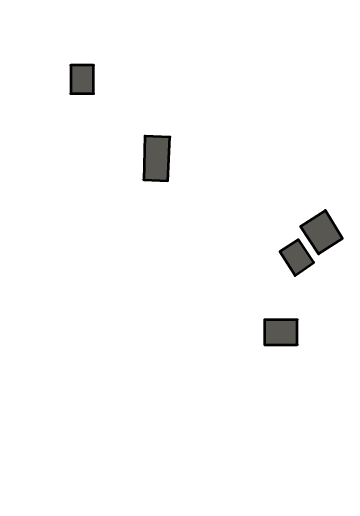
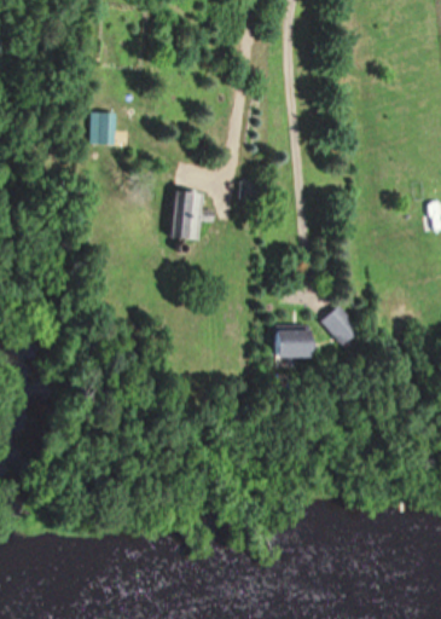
building: [301,210,342,254] -> none
building: [265,320,297,345] -> [272,331,308,359]

